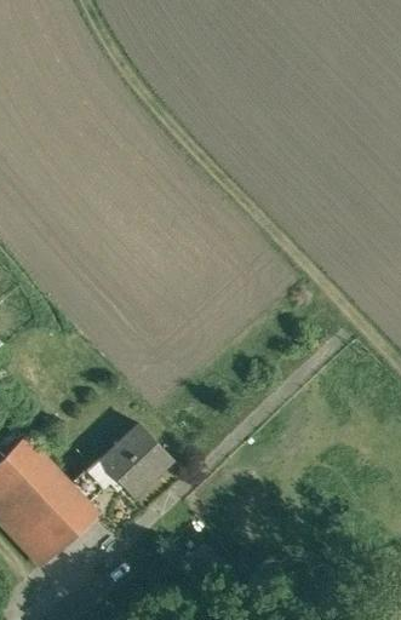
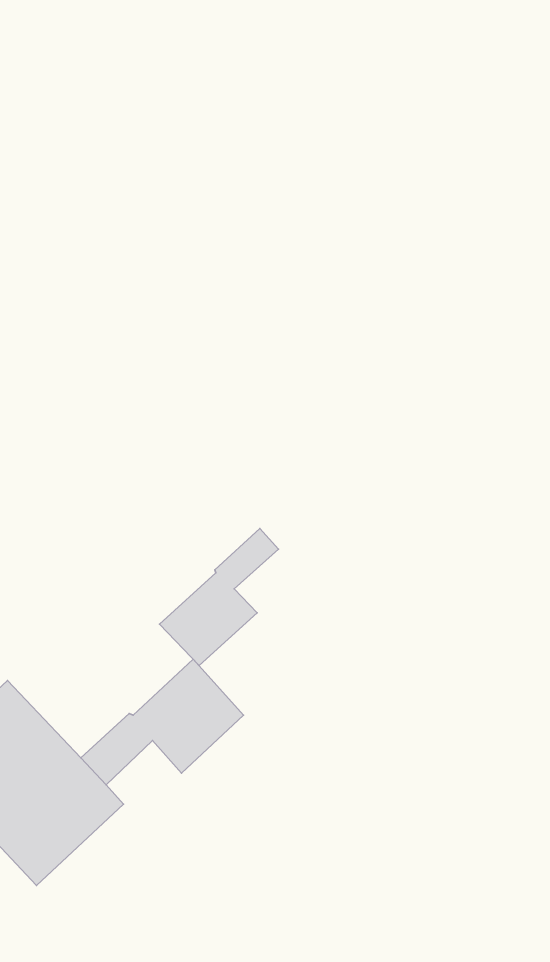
building: none -> [160,529,279,665]

